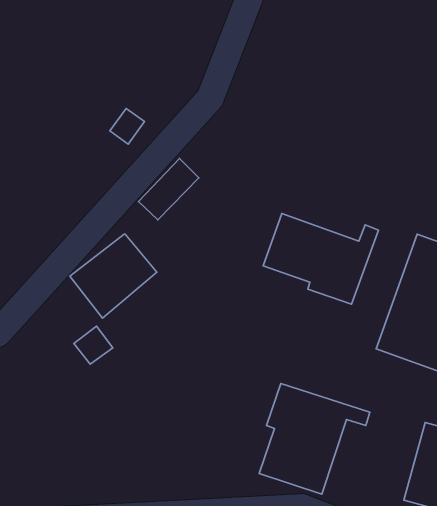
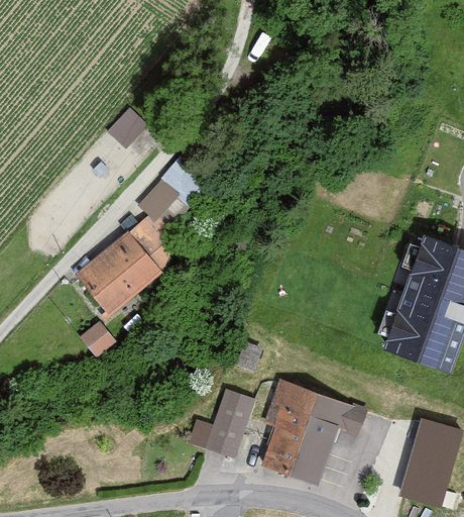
building: [263,214,379,304] -> none
building: none -> [127,217,184,270]
building: none -> [188,390,254,460]

